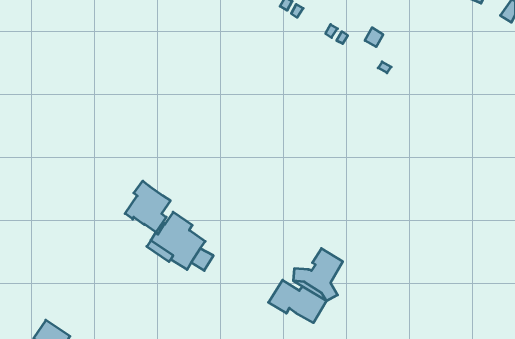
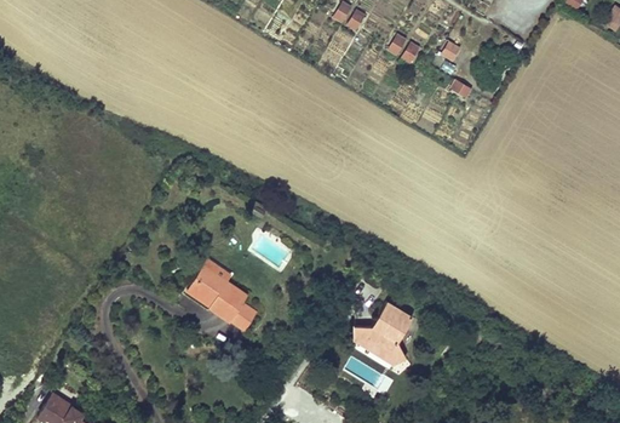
building: [125,181,170,232] -> none
building: [268,280,327,323] -> none

